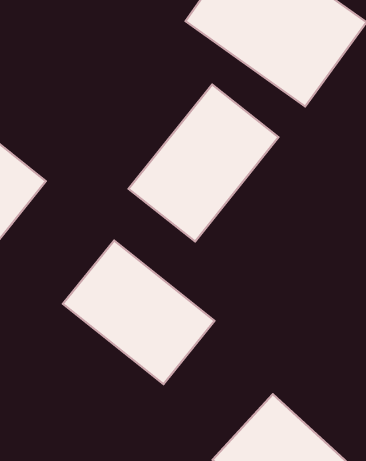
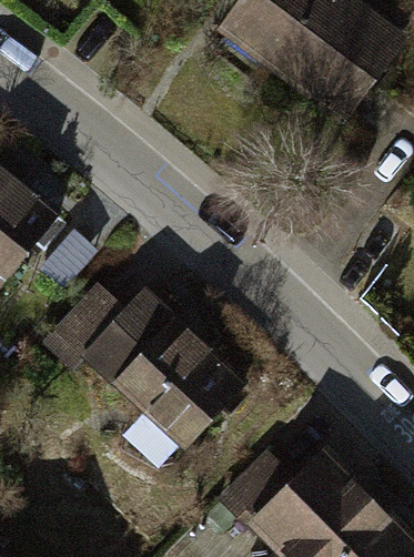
building: [129,85,278,242] -> none

